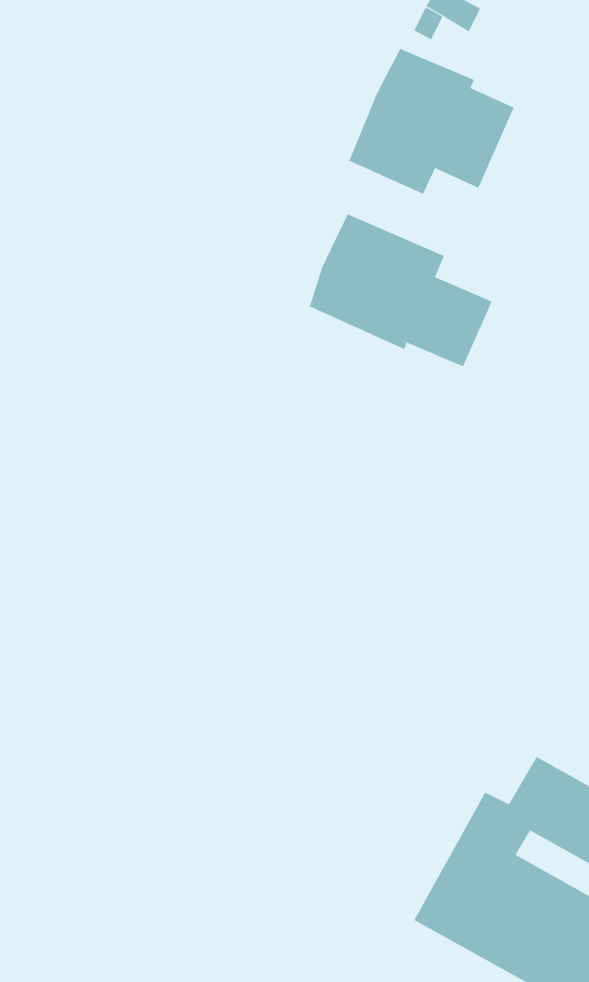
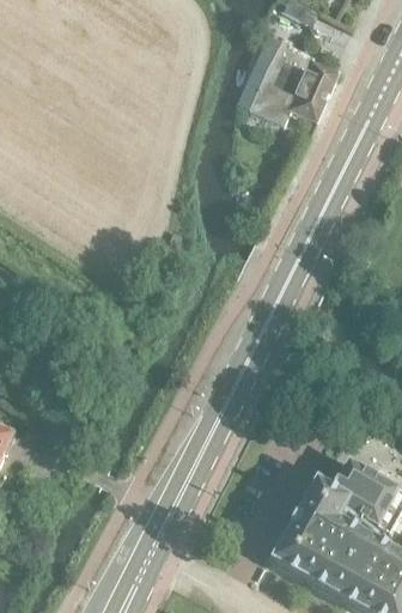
building: [309,213,492,367] -> none

